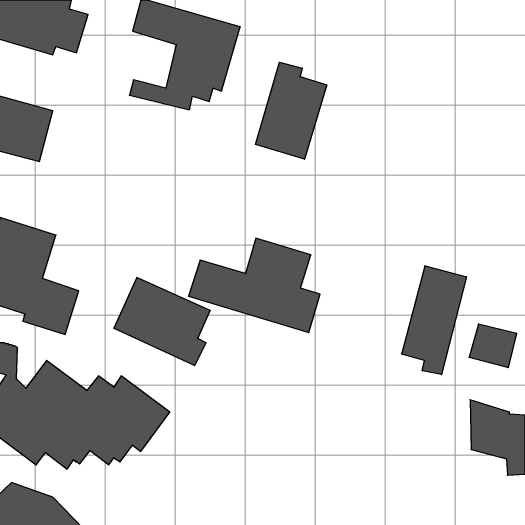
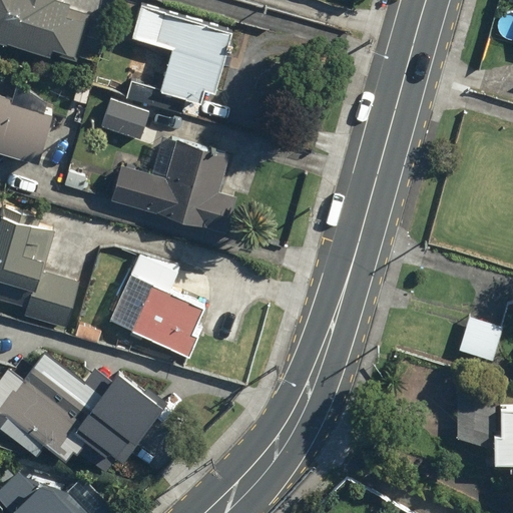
building: [256,62,327,159] -> none
building: none -> [100,96,152,143]
building: [189,238,320,333] -> [109,142,236,233]
building: [402,266,466,375] -> none

